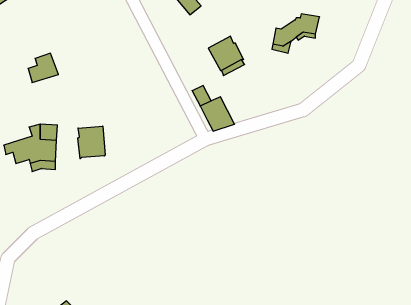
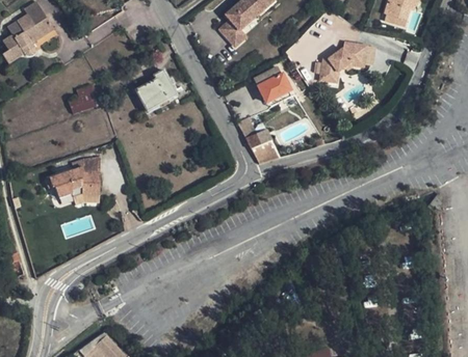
building: none -> [135,71,177,111]
building: [78,126,105,159] -> none

